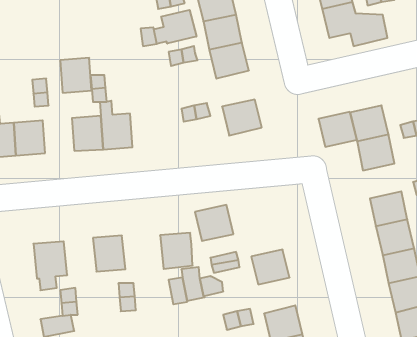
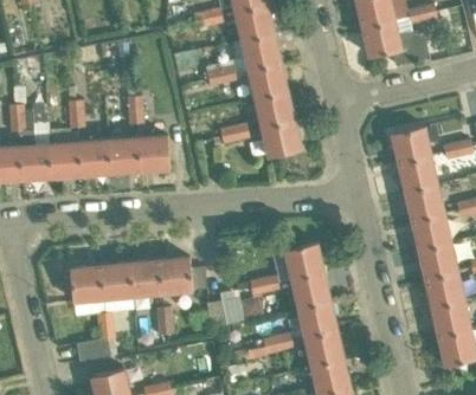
building: [154,10,196,44] -> none
building: [60,58,92,93] -> [78,140,110,175]
building: none -> [255,91,294,128]
building: [318,112,357,147] -> [404,186,443,221]
building: [195,205,233,241] -> [283,244,322,280]
building: [160,233,193,269] -> [159,257,192,293]
building: none -> [99,261,133,299]
building: none -> [297,302,335,338]

